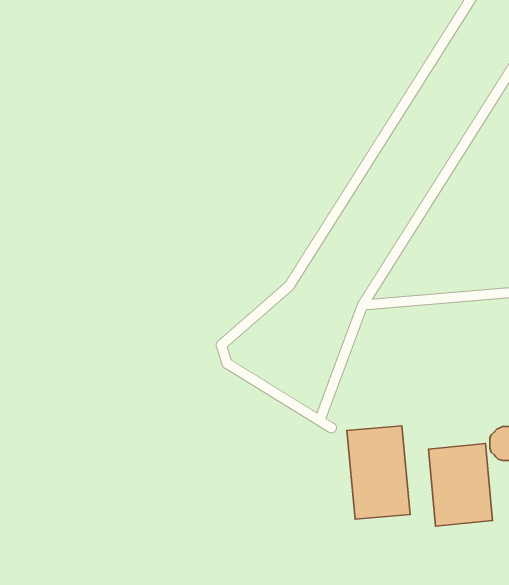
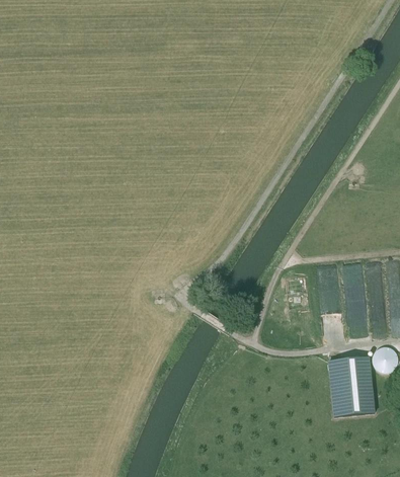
building: [347,426,410,519] -> none

